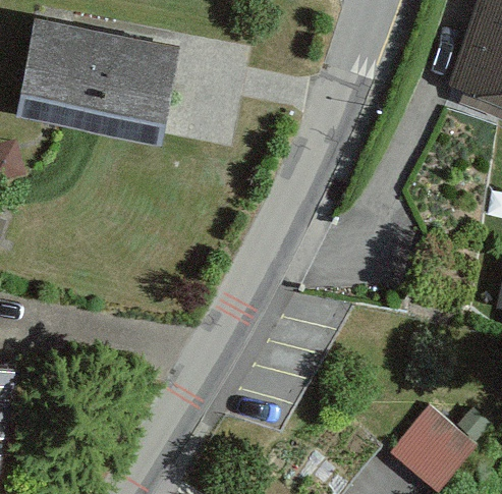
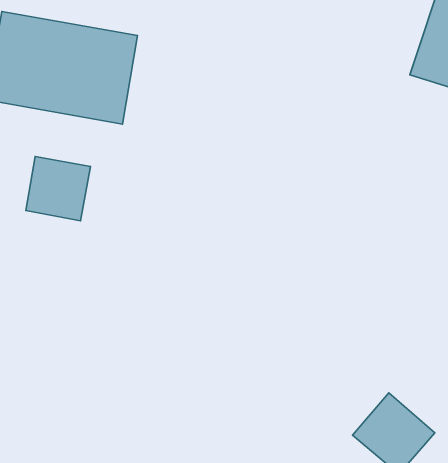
building: none -> [26,157,90,221]

